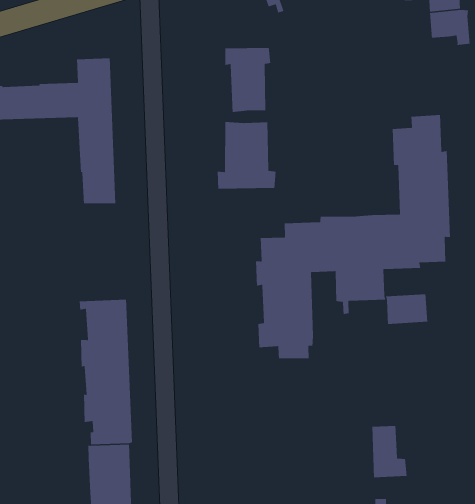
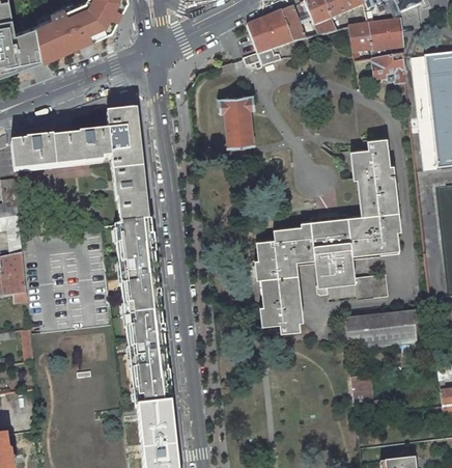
building: [217,121,276,189] -> none
building: none -> [116,221,159,298]
building: none -> [344,310,417,350]

